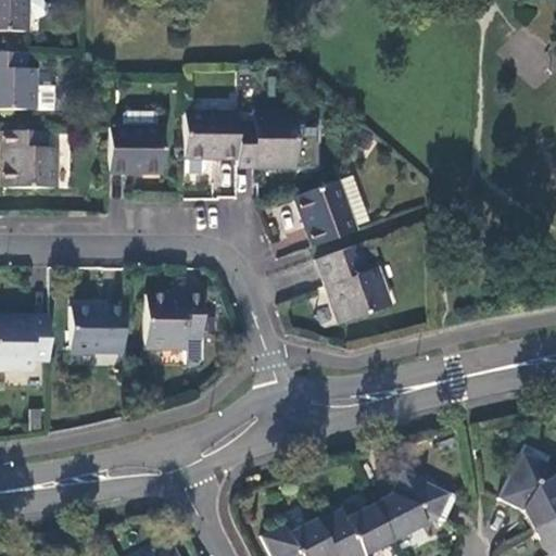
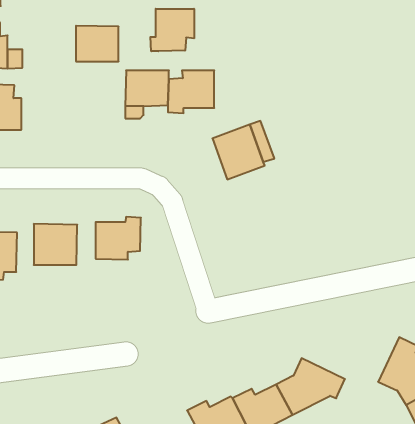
building: none -> [150,9,194,51]
building: [110,127,163,172] -> [76,26,119,61]
building: [313,243,391,325] -> none

